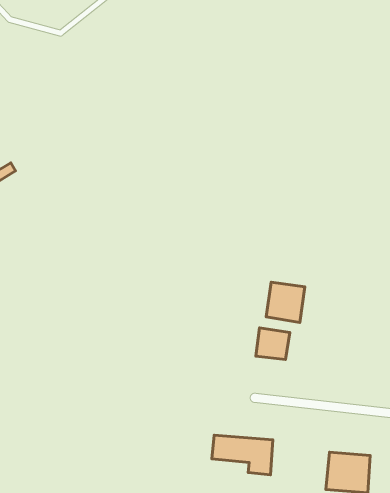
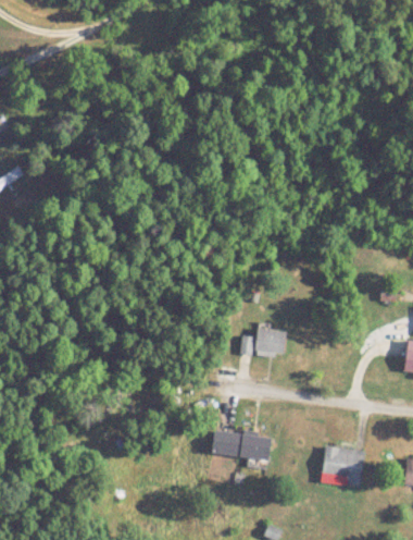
building: [266,282,305,323] -> none

